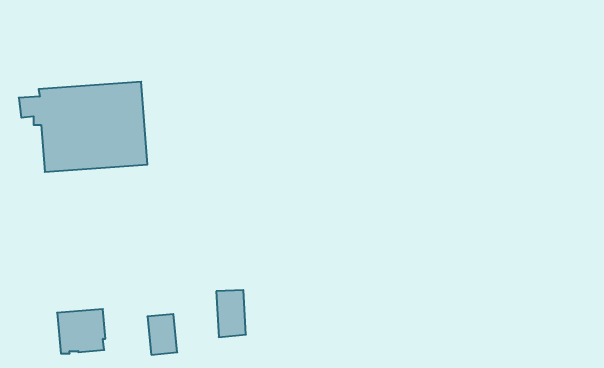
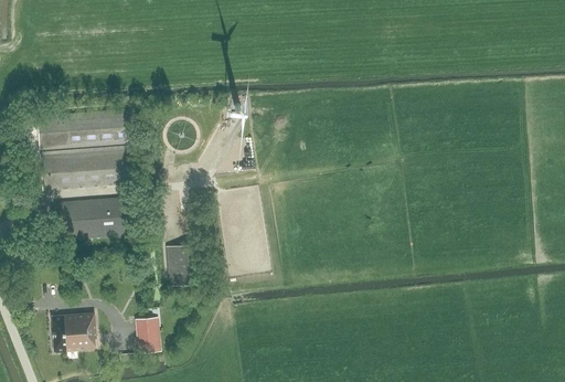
building: none -> [54,195,132,240]
building: [216,290,246,337] -> [166,244,192,286]

